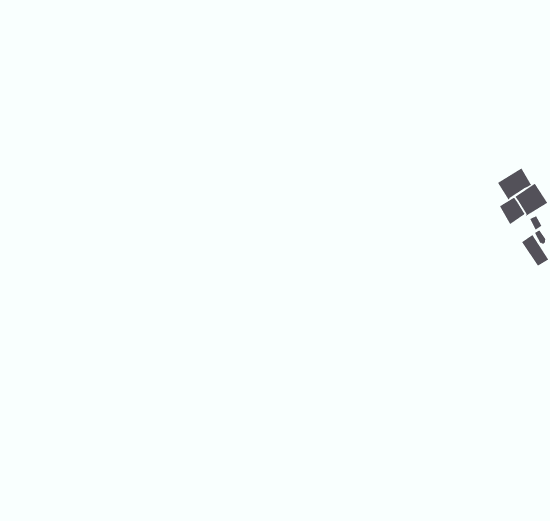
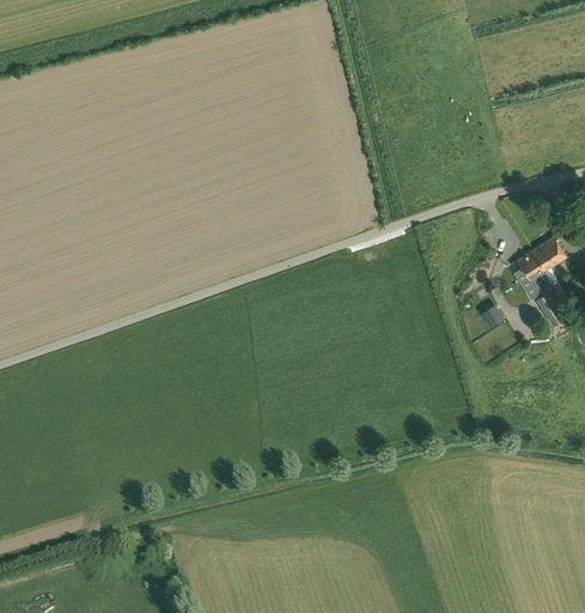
building: [497,167,532,200] -> none

